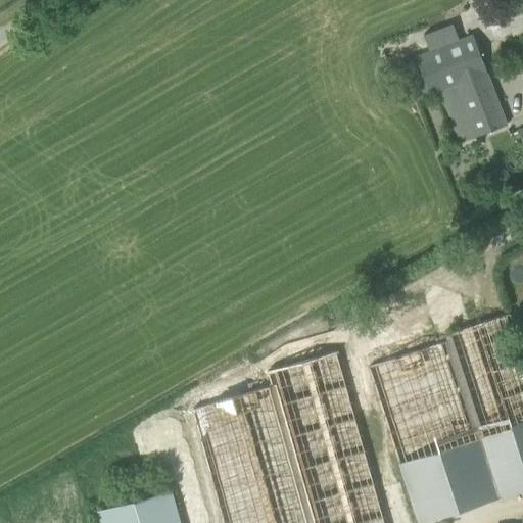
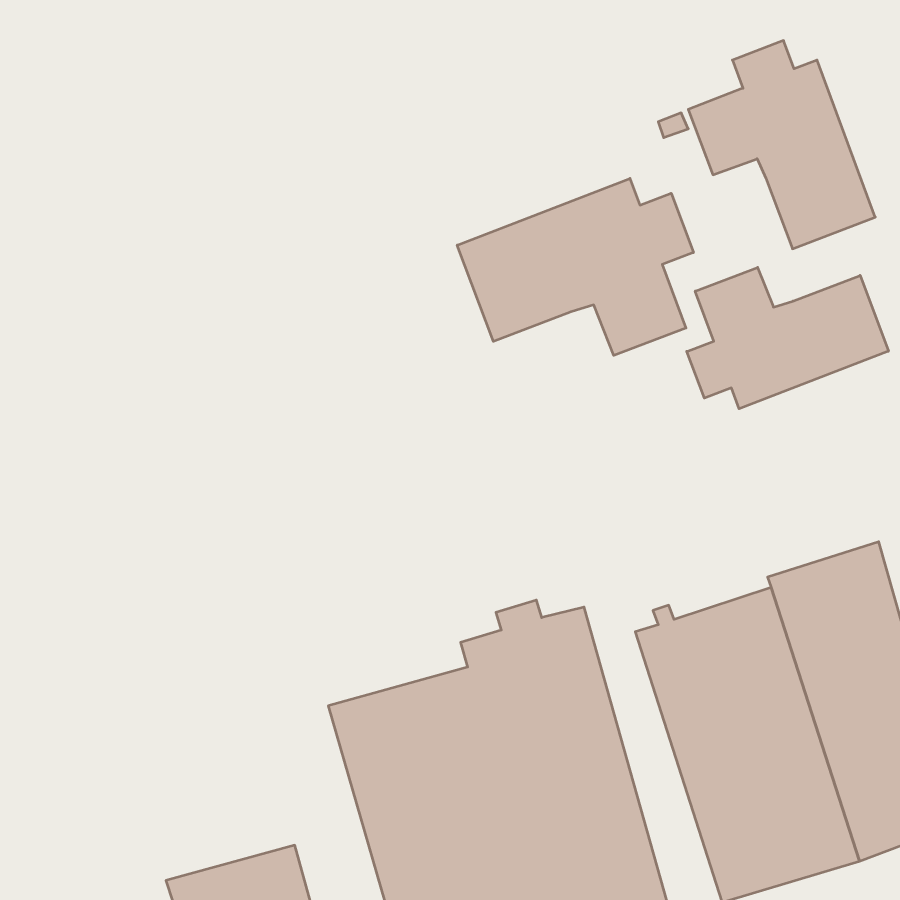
building: none -> [457,178,693,355]
building: none -> [687,267,888,409]

